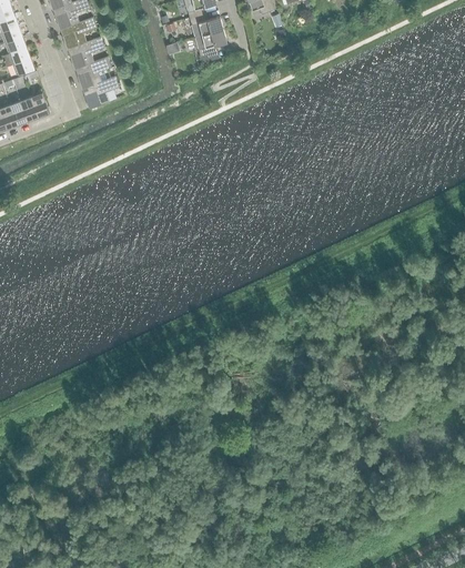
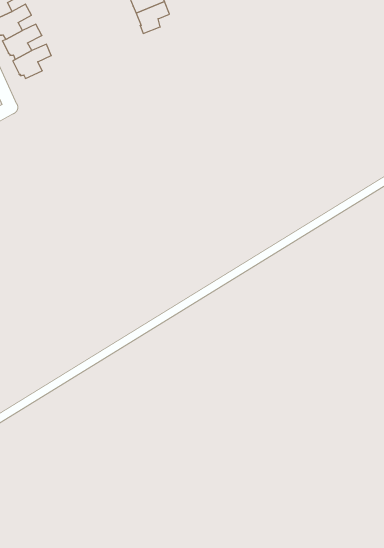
building: [81,74,122,106] -> none

